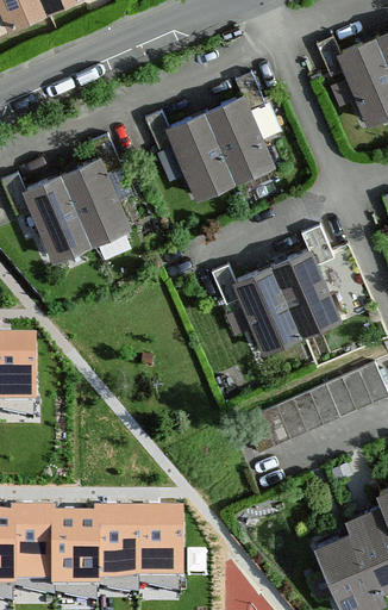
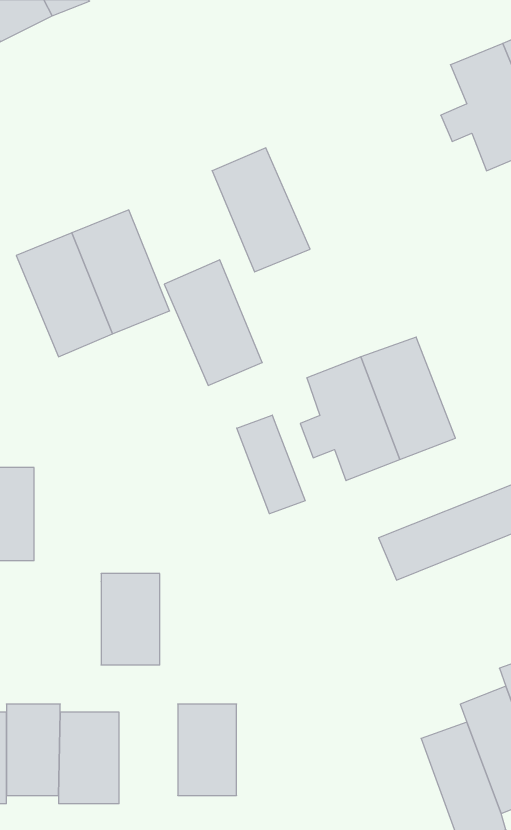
building: [204,92,275,183] -> [164,260,262,385]
building: none -> [237,415,305,514]
building: [96,516,139,583] -> [101,574,160,665]

